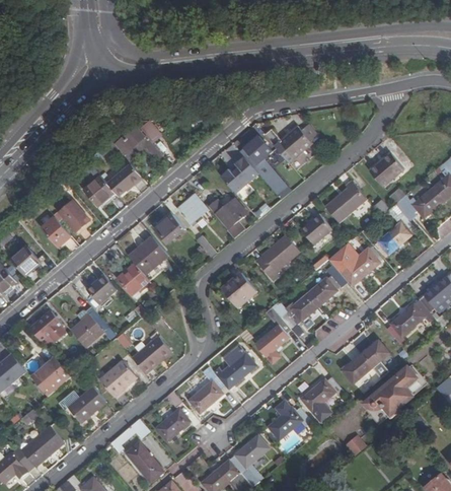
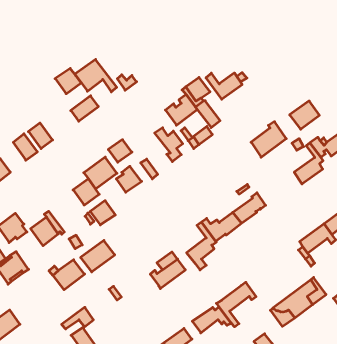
building: [83,176,115,206] -> [55,68,81,94]
building: [178,192,209,223] -> [116,166,142,192]
building: [300,215,330,246] -> none
building: [257,234,298,281] -> none
building: [328,243,378,285] -> none
building: [86,273,117,302] -> [90,201,115,225]
building: [221,273,255,307] -> none
building: [343,341,388,382] -> none
building: [190,370,226,413] -> none
building: [68,388,105,423] -> none
building: [157,409,190,440] -> none

